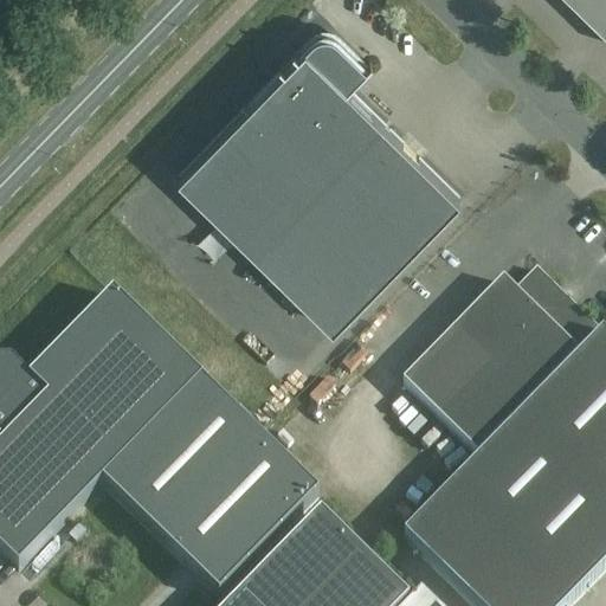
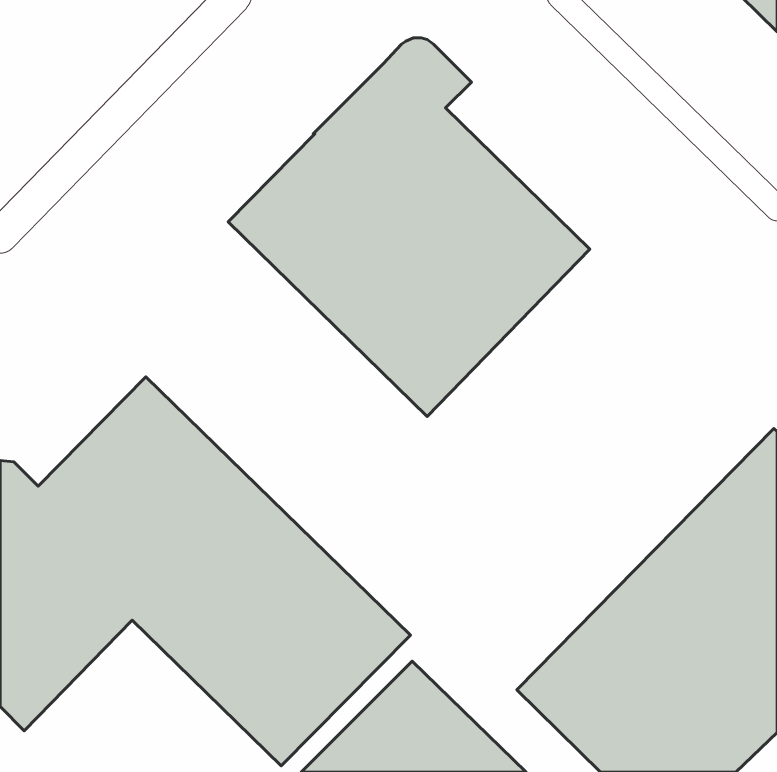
building: [402,267,599,456] -> none

